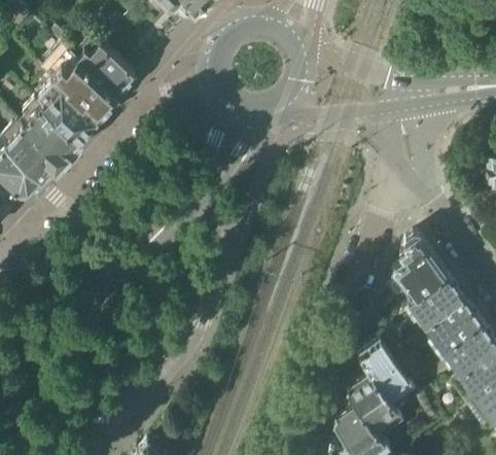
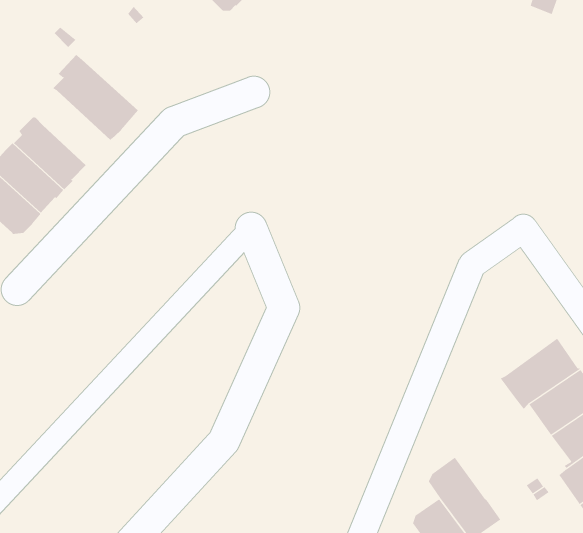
building: [76,39,138,99] -> none
building: [41,83,98,143] -> none
building: [390,239,450,308] -> none
building: [362,341,418,408] -> none

